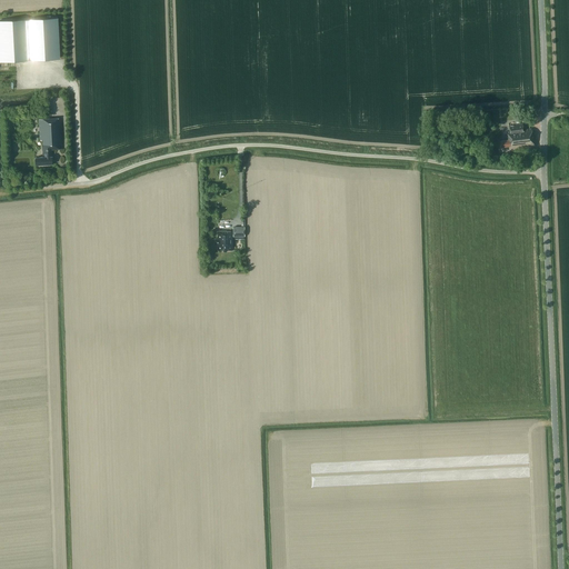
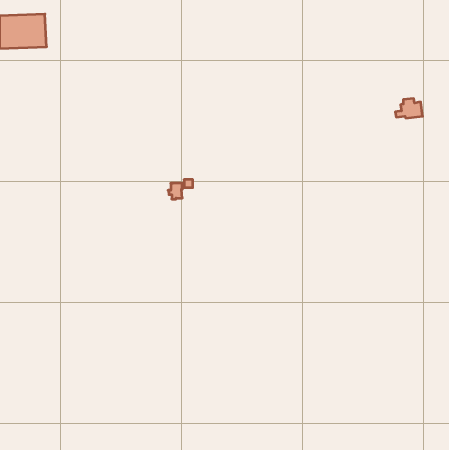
building: [33,118,60,164] -> none

